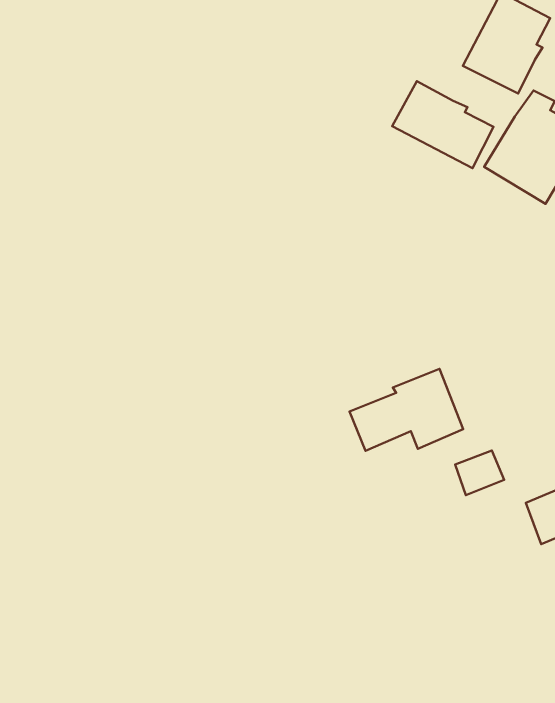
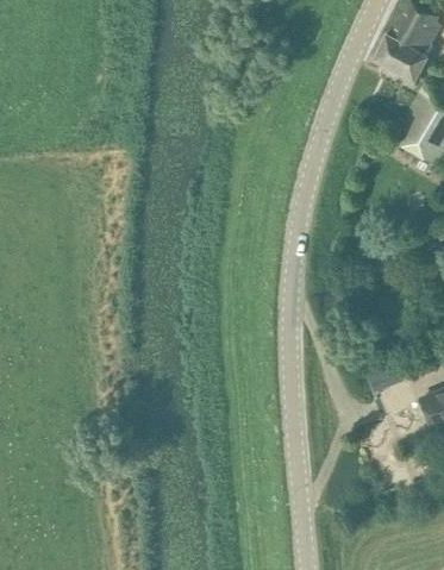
building: [392,81,493,168] -> none
building: [350,369,463,451] -> none

